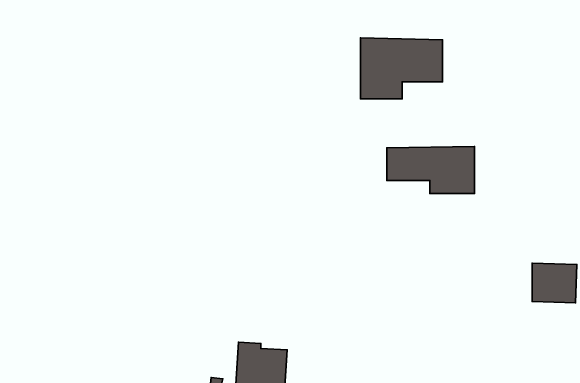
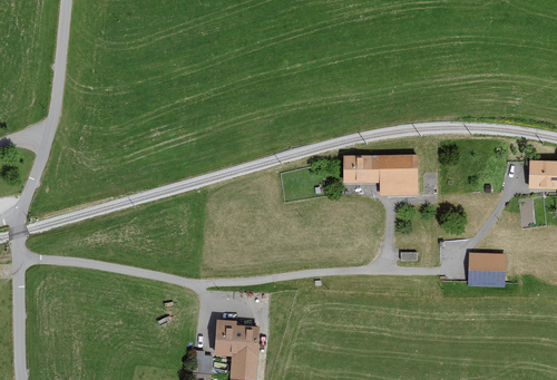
building: [360,38,443,99] -> none

